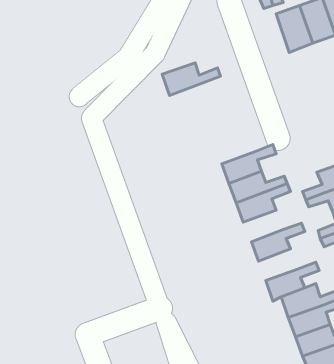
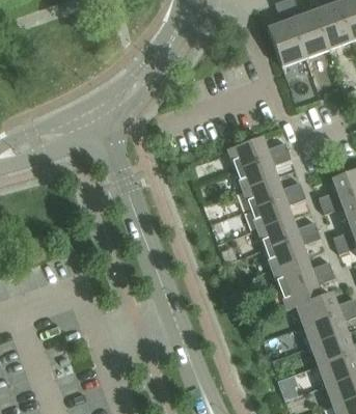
building: none -> [267,18,304,65]
building: [162,63,221,95] -> [228,137,287,170]
building: none -> [257,217,317,249]
building: none -> [273,256,331,288]

